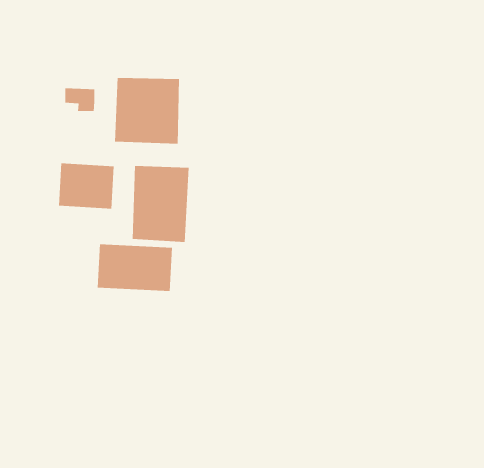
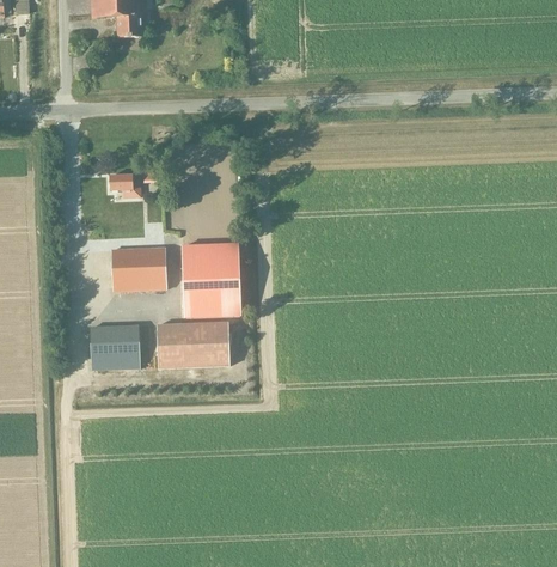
building: [115,77,179,144] -> none
building: none -> [90,324,140,370]

